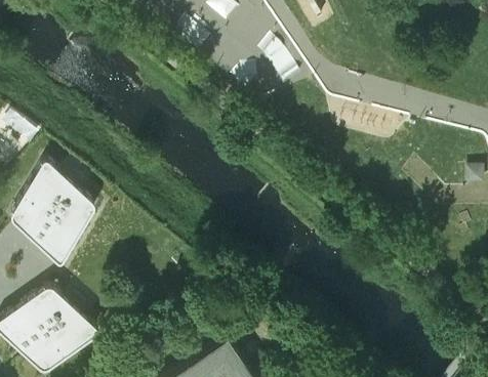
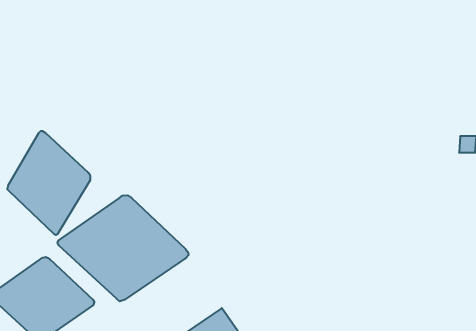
building: none -> [58,195,189,301]

